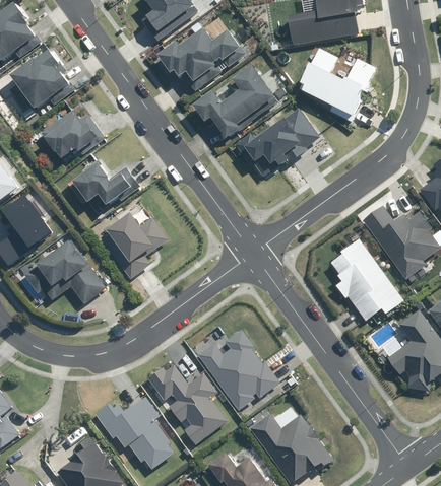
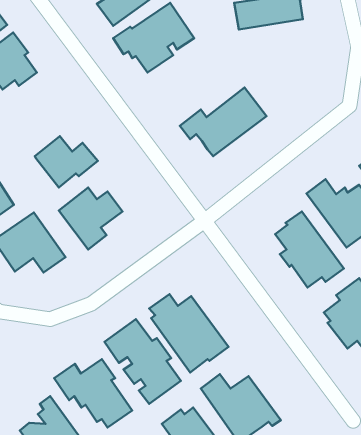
building: [297,47,375,122] -> none
building: [191,64,276,139] -> none
building: [45,110,107,159] -> none

